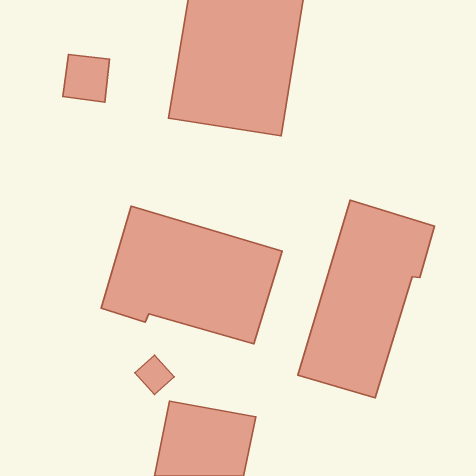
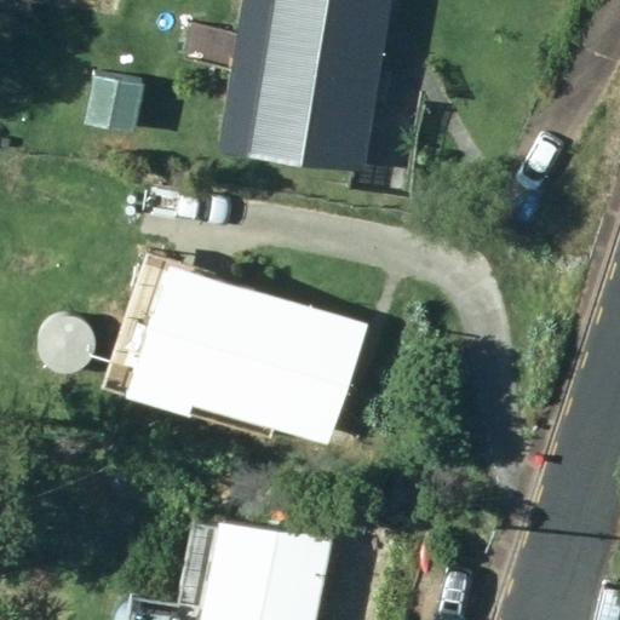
building: [298,200,434,398] -> none

